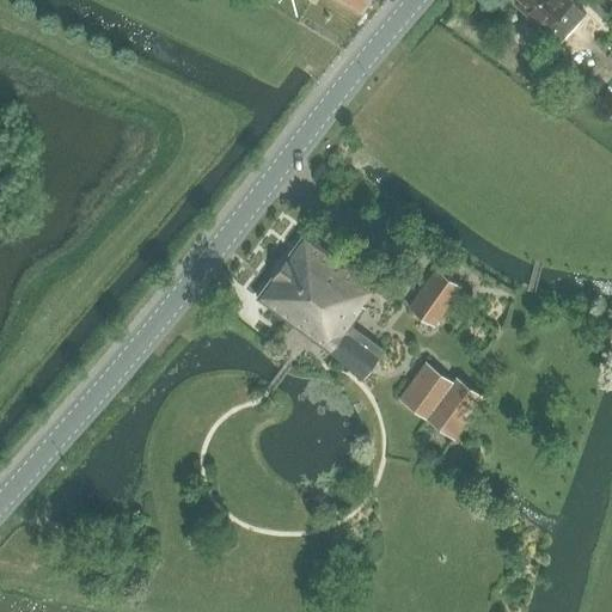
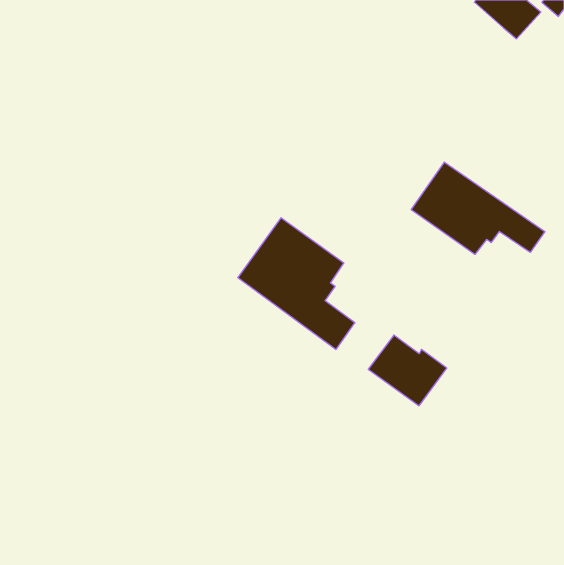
building: none -> [411,162,545,254]
building: [408,269,460,326] -> none

